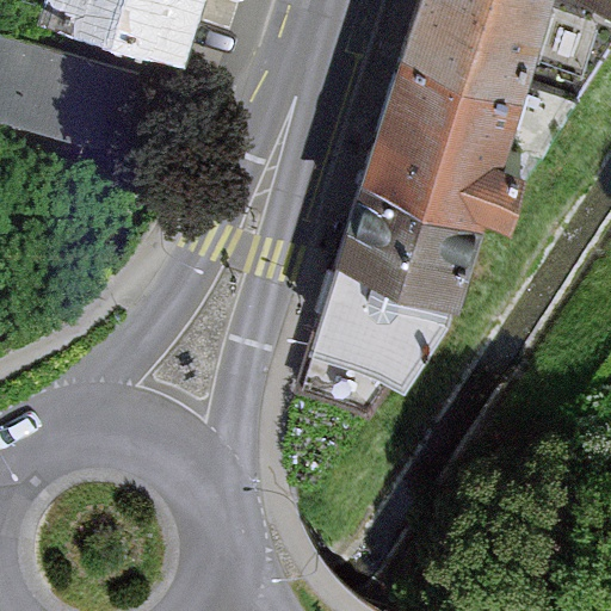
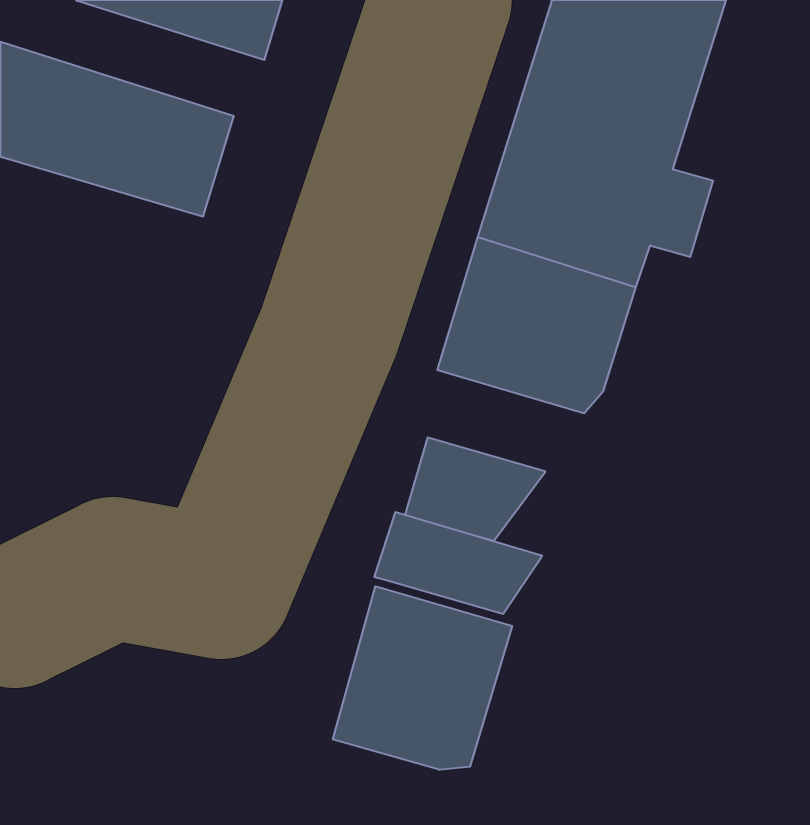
building: [319,273,443,348] -> [374,512,542,614]
building: none -> [333,586,512,770]

